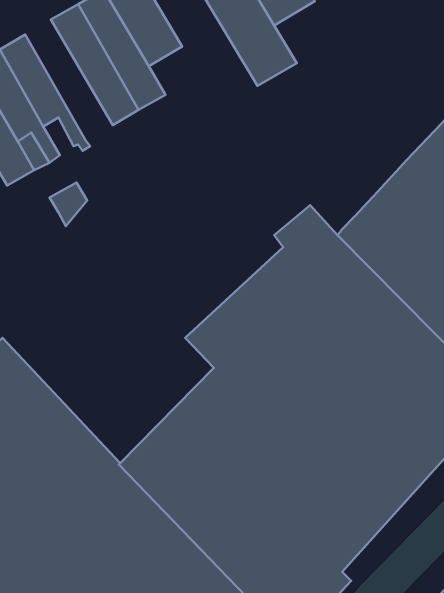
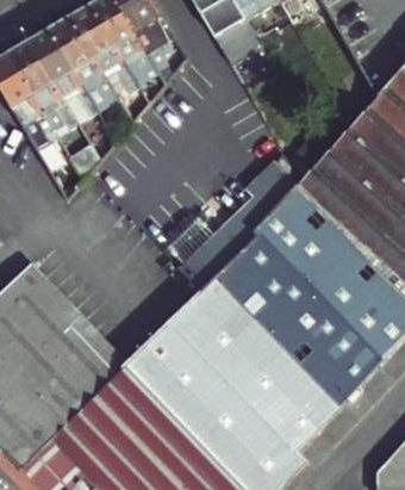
building: none -> [48,17,117,112]

